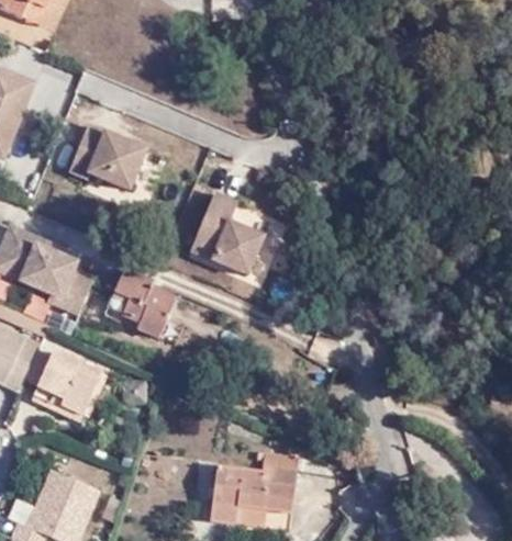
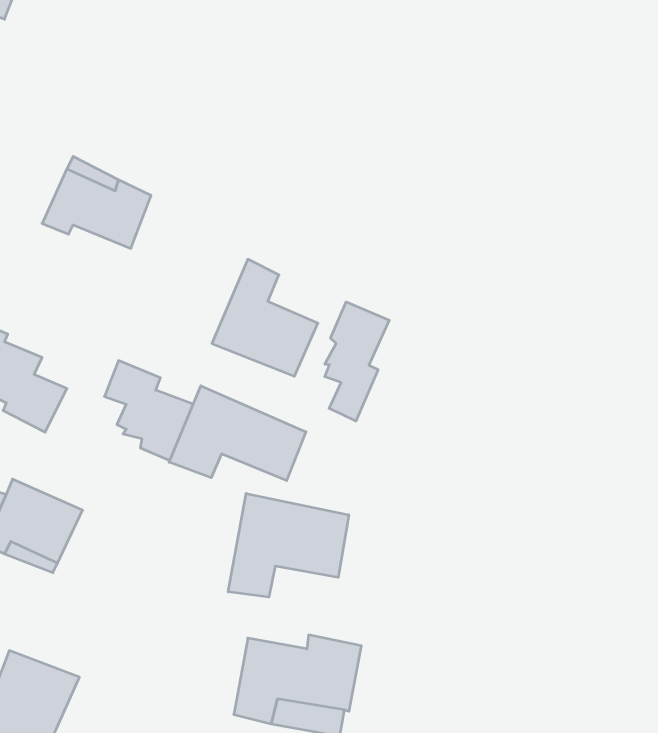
building: none -> [325,302,389,421]
building: none -> [169,386,306,481]
building: none -> [228,493,349,597]

